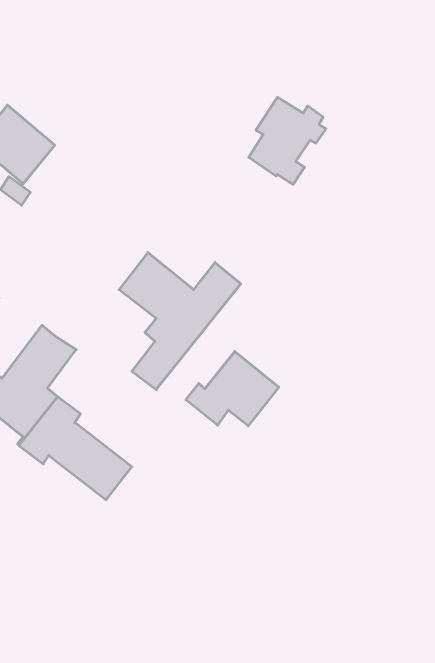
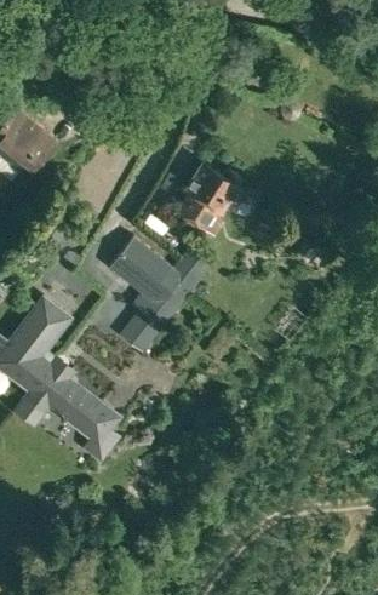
building: [249,97,326,184] -> [178,162,244,236]
building: [186,351,279,426] -> none

